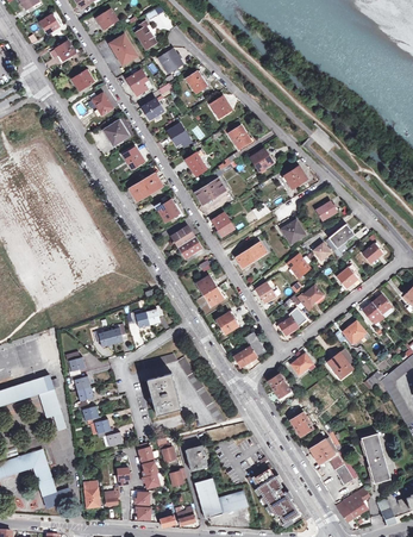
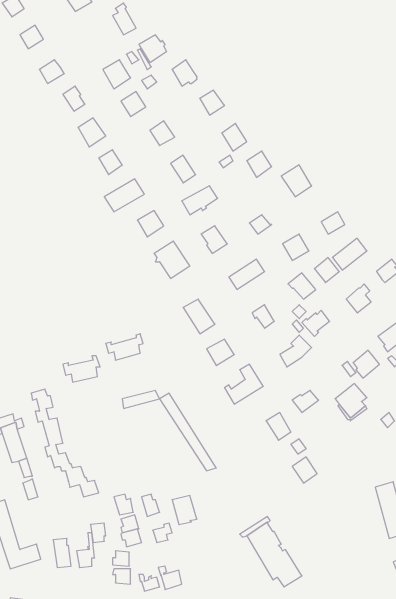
building: [109,35,140,68] -> none
building: [148,374,182,417] -> none
building: [309,436,353,483] -> none
building: [195,479,246,519] -> none
building: [336,486,369,520] -> none

